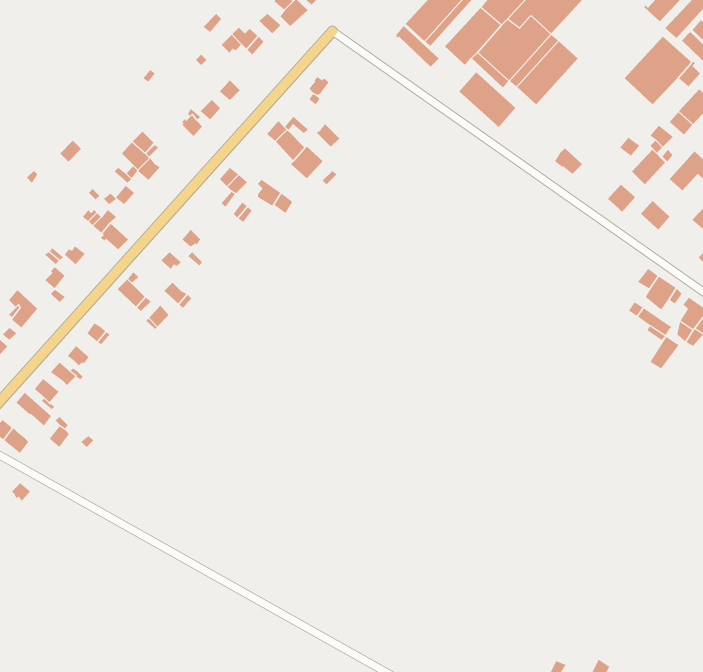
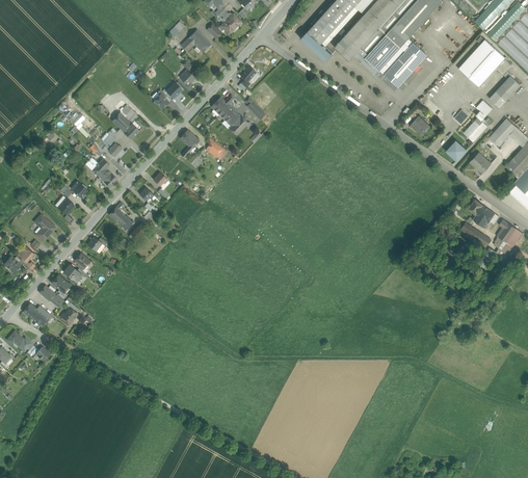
building: [459,72,516,128] -> none

